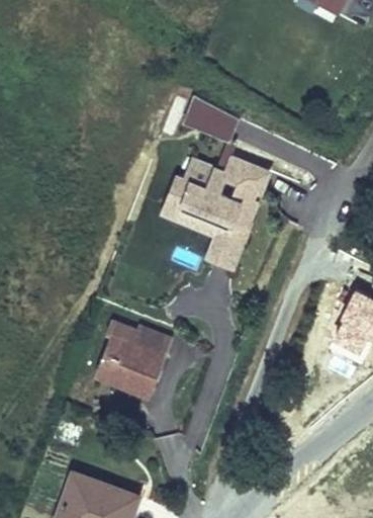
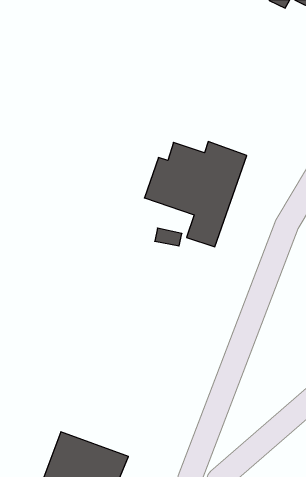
building: [182,95,239,142] -> none
building: [97,320,172,397] -> none

